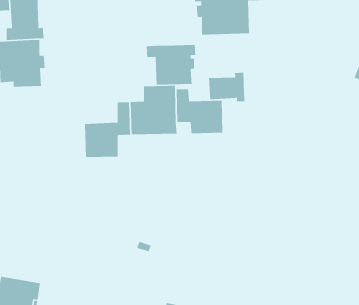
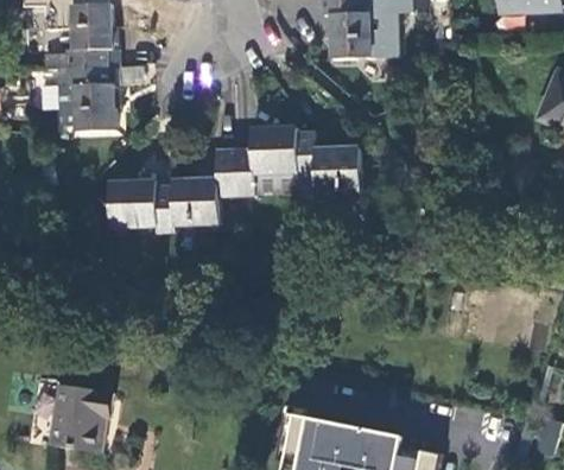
building: [146,44,196,85] -> none
building: [208,72,245,102] -> none
building: none -> [109,178,173,231]

